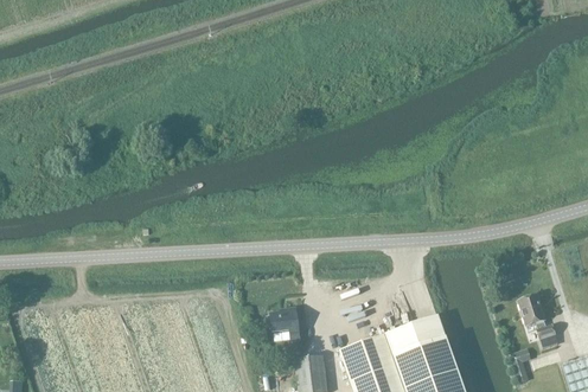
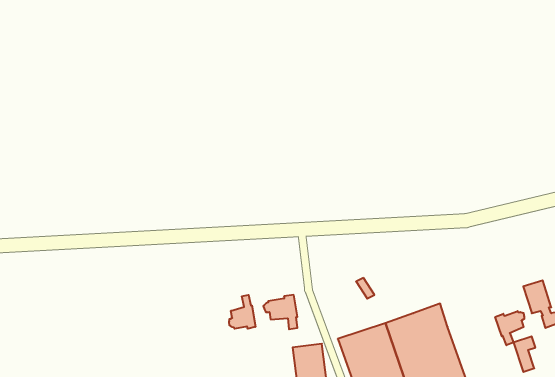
building: none -> [229,295,255,329]
building: none -> [495,311,524,345]

